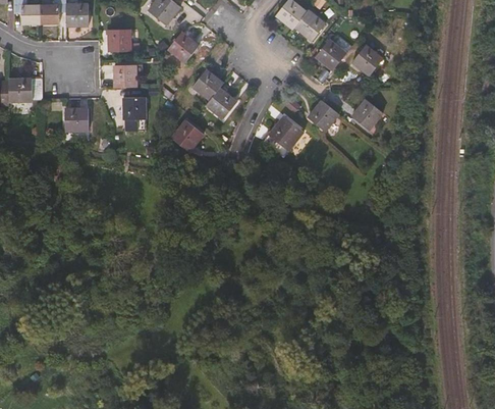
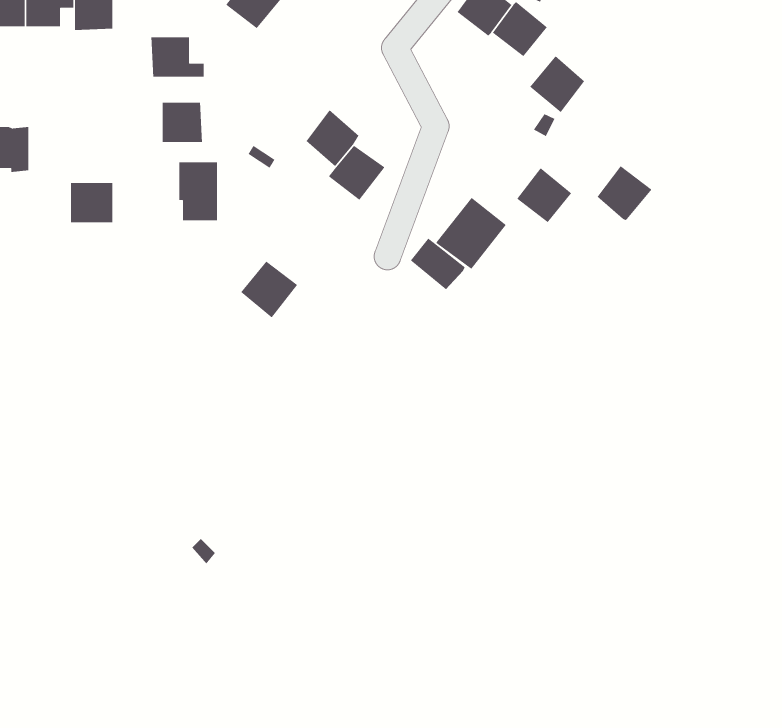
building: [167,32,198,62] -> none
building: [352,45,382,75] -> none
building: [171,119,203,151] -> [240,261,298,318]
building: none -> [410,238,466,290]

